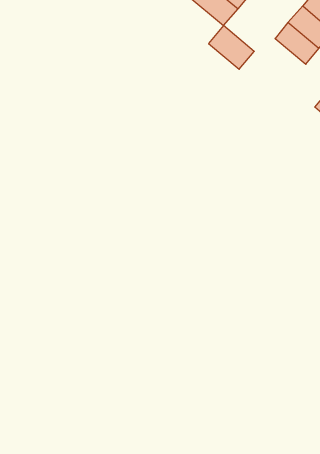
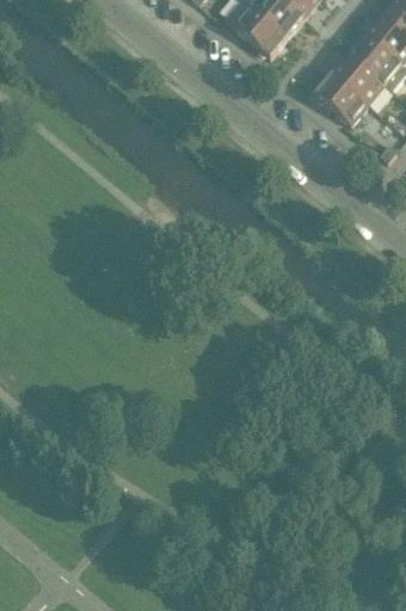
building: [209,26,254,69] -> [314,73,369,125]

